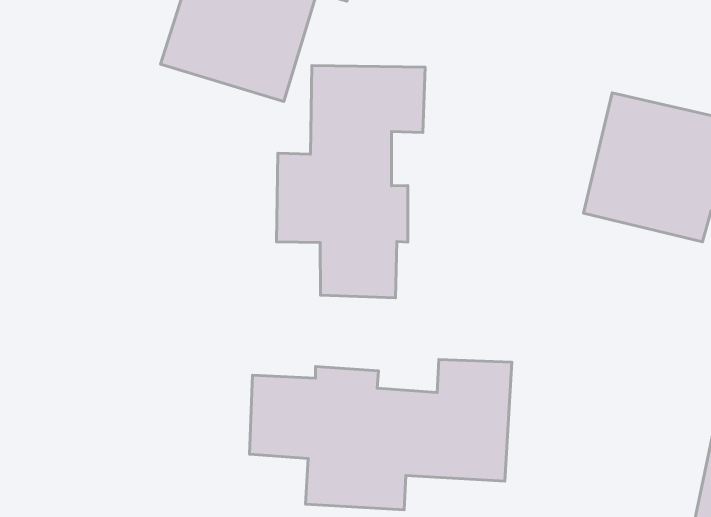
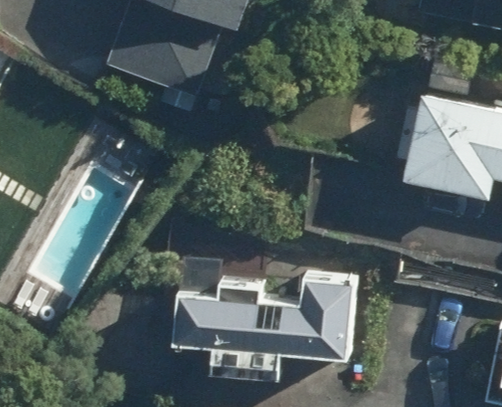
building: [277,65,425,298] -> none

